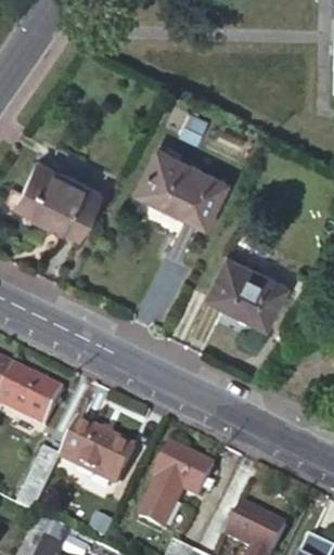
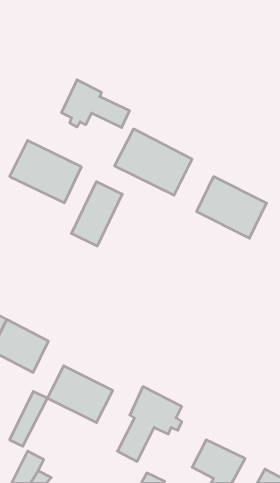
building: none -> [62,80,129,128]
building: none -> [71,182,122,246]
building: [207,256,287,326] -> [197,177,267,238]

